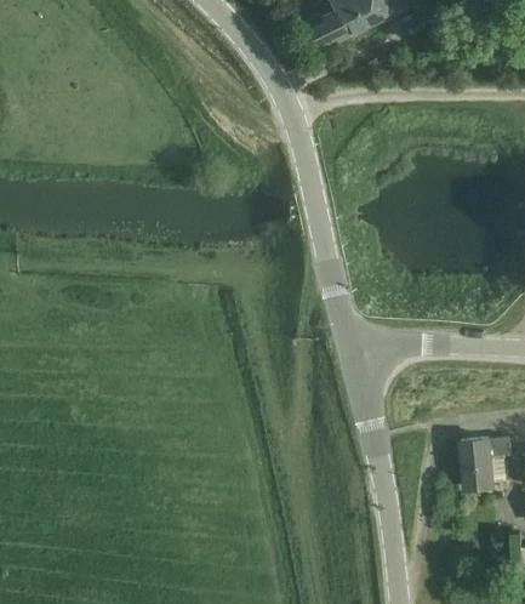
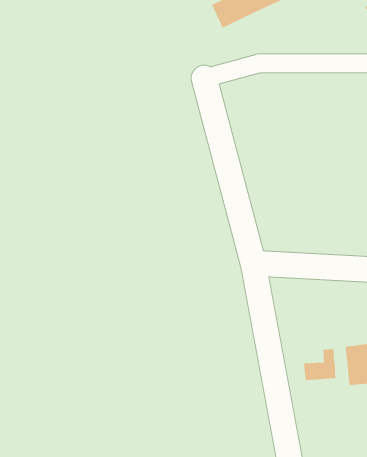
building: none -> [304,348,336,381]

